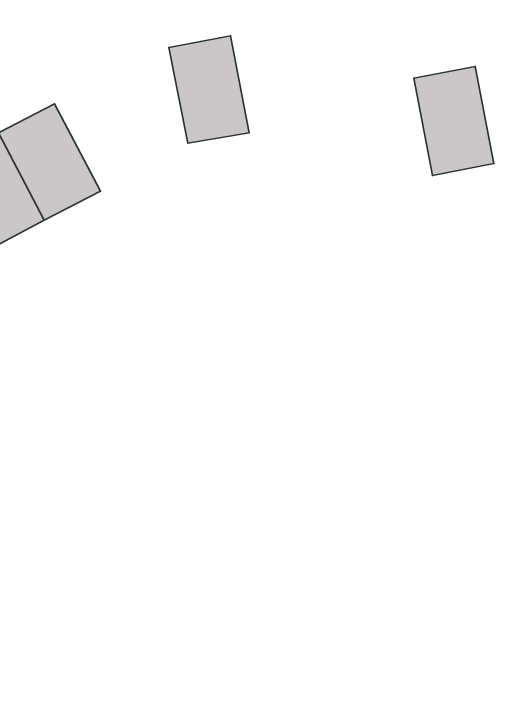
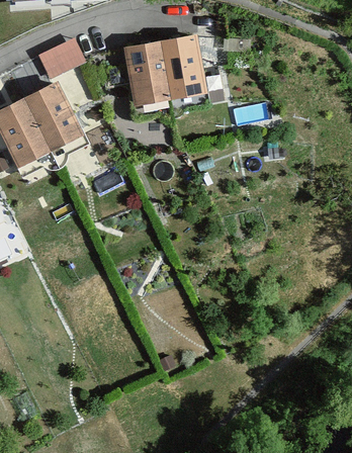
building: none -> [41,40,84,77]
building: [414,66,494,176] -> [161,34,208,99]

